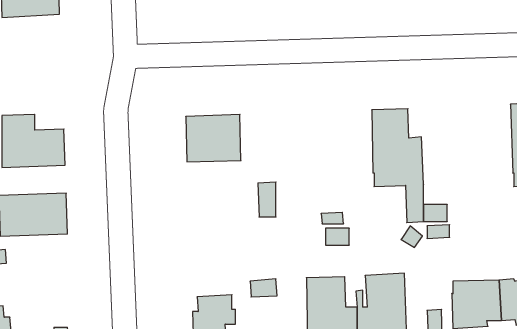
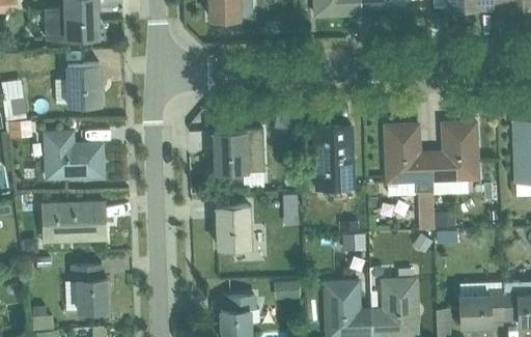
building: none -> [55,63,101,106]
building: none -> [430,121,478,194]
building: none -> [314,127,354,191]
building: none -> [217,205,251,248]
building: none -> [64,265,108,311]

